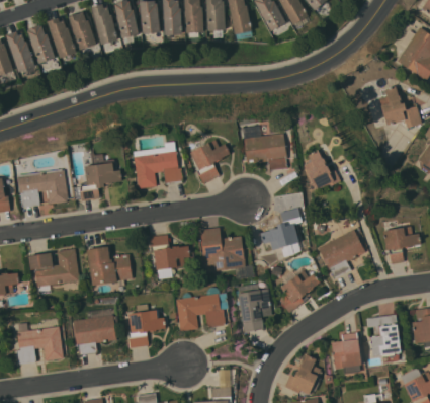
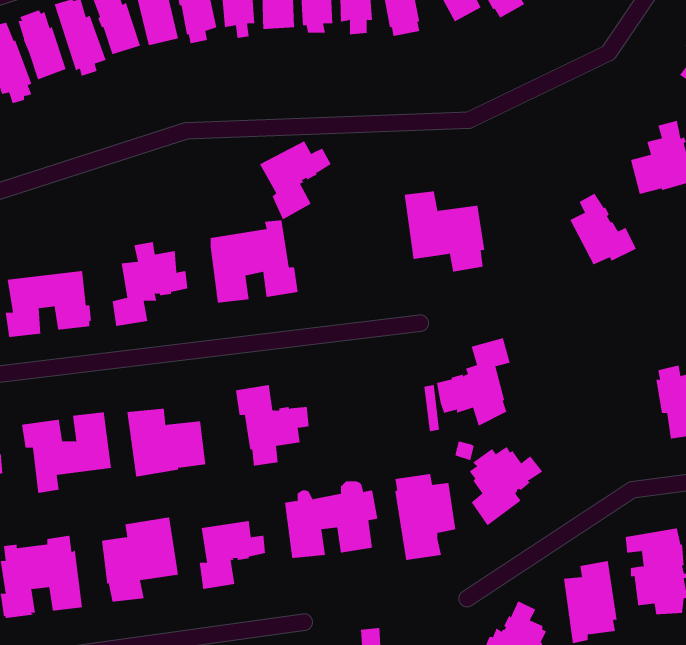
building: [189,140,230,184] -> [259,140,332,220]
building: [303,150,340,190] -> [570,193,637,265]
building: [199,228,245,272] -> none
building: [317,229,364,278] -> none

